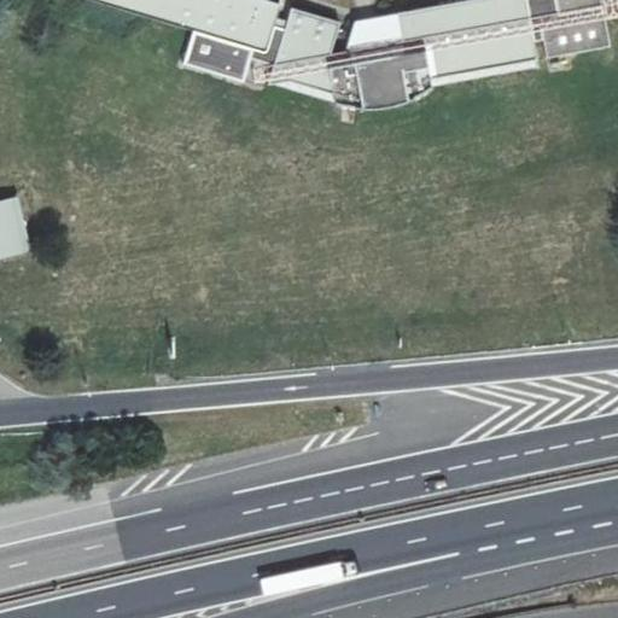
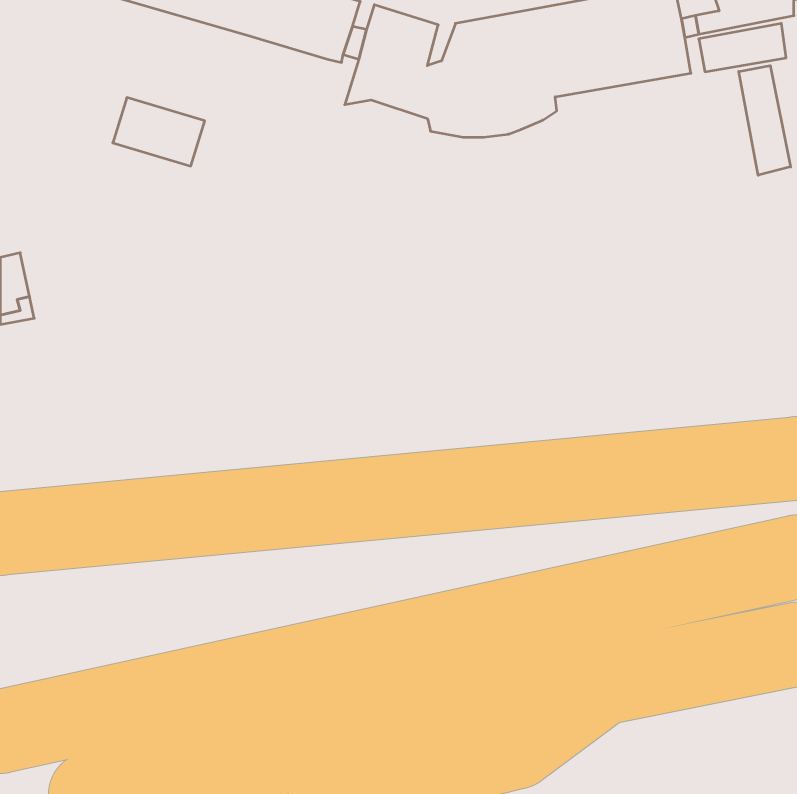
building: [182,28,253,81] -> [113,98,205,166]
building: none -> [739,66,791,175]

